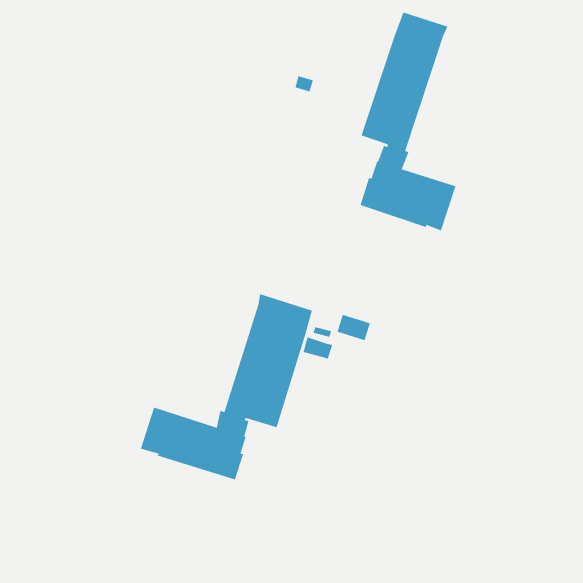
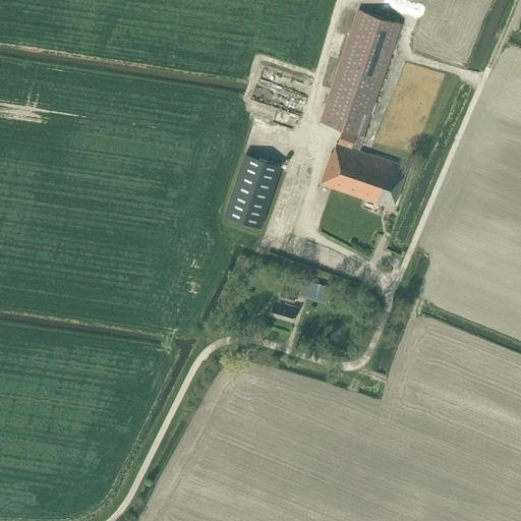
building: none -> [225,154,281,227]
building: [140,293,313,480] -> none

